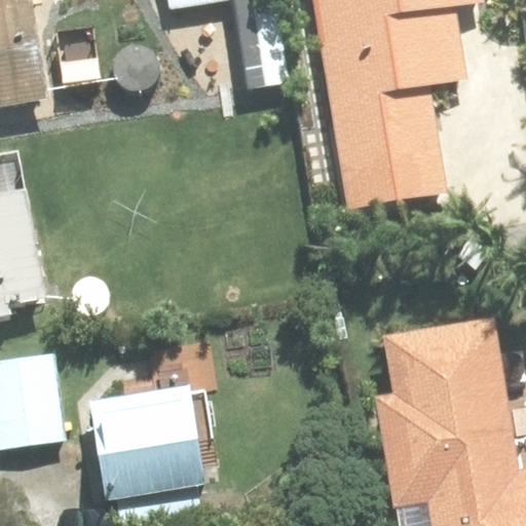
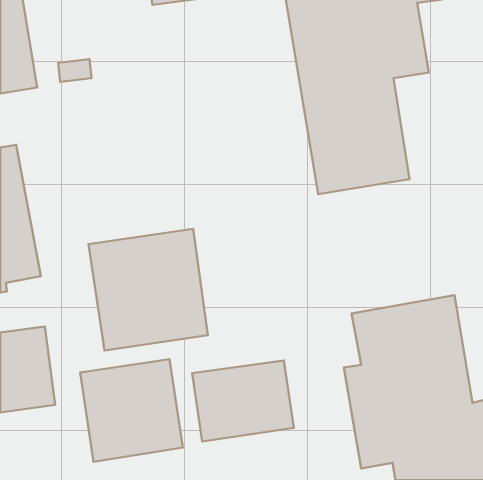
building: none -> [89,229,208,350]
building: none -> [192,360,294,442]

